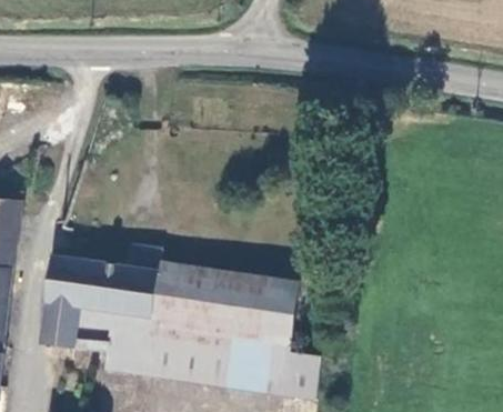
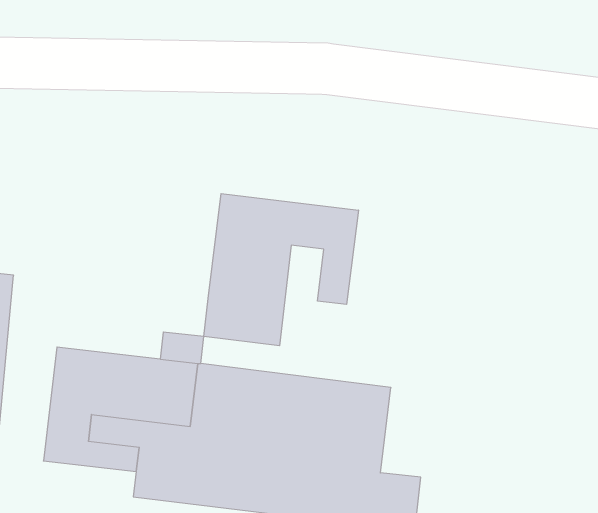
building: none -> [204,194,358,346]

